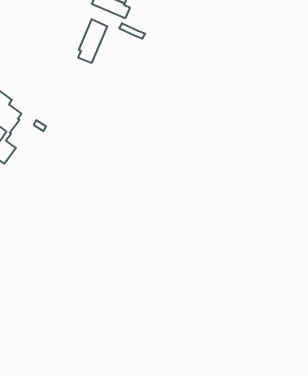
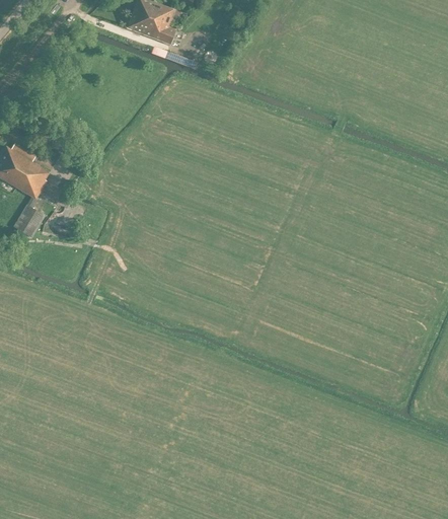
building: [78,19,107,63] -> none

